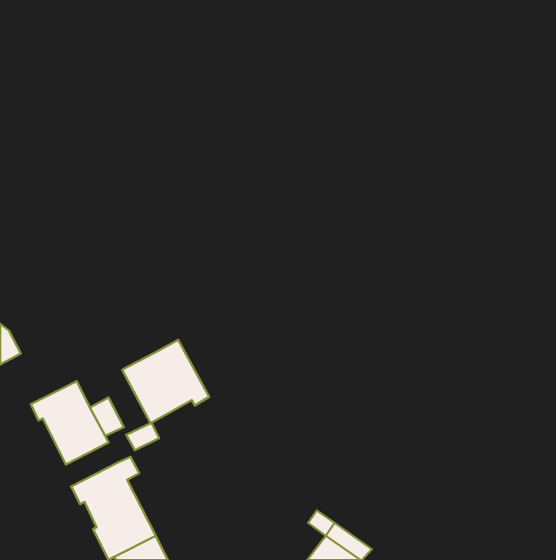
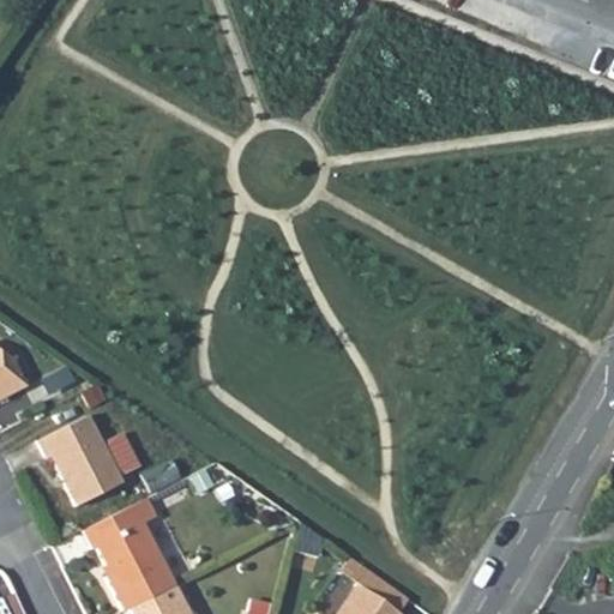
building: [122,340,209,423] -> none

